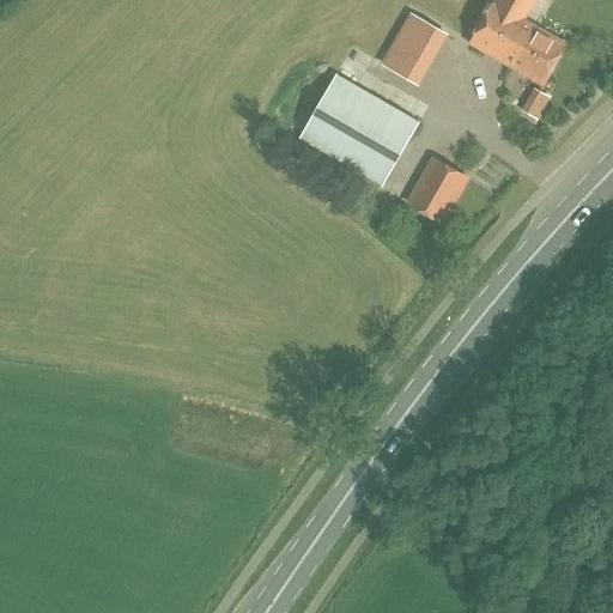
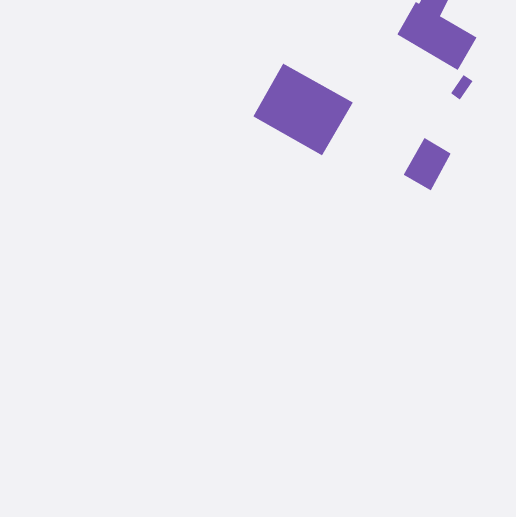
building: [382,14,444,83] -> none
building: [407,158,465,221] -> [403,137,451,191]

